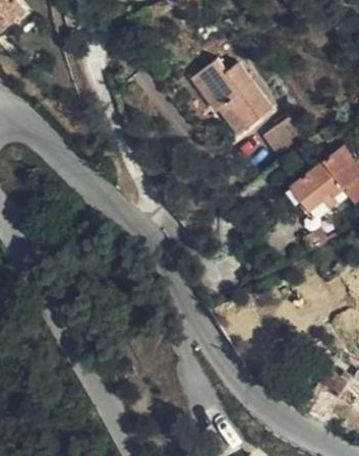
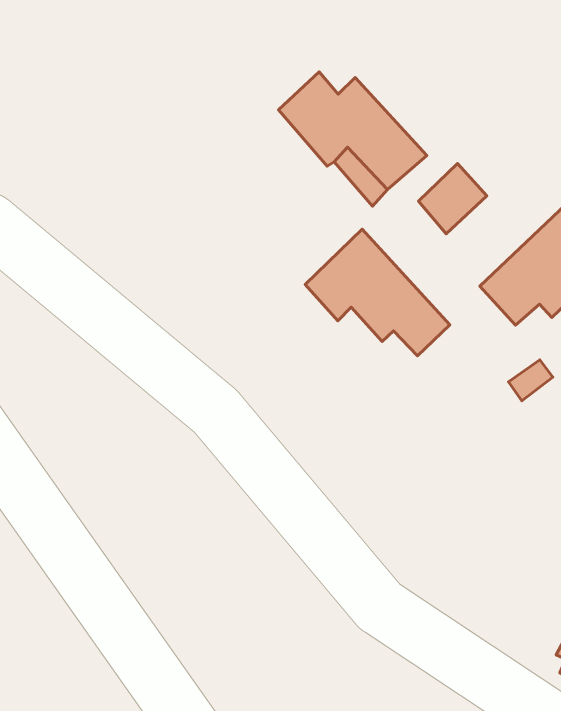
building: none -> [305,229,450,356]

